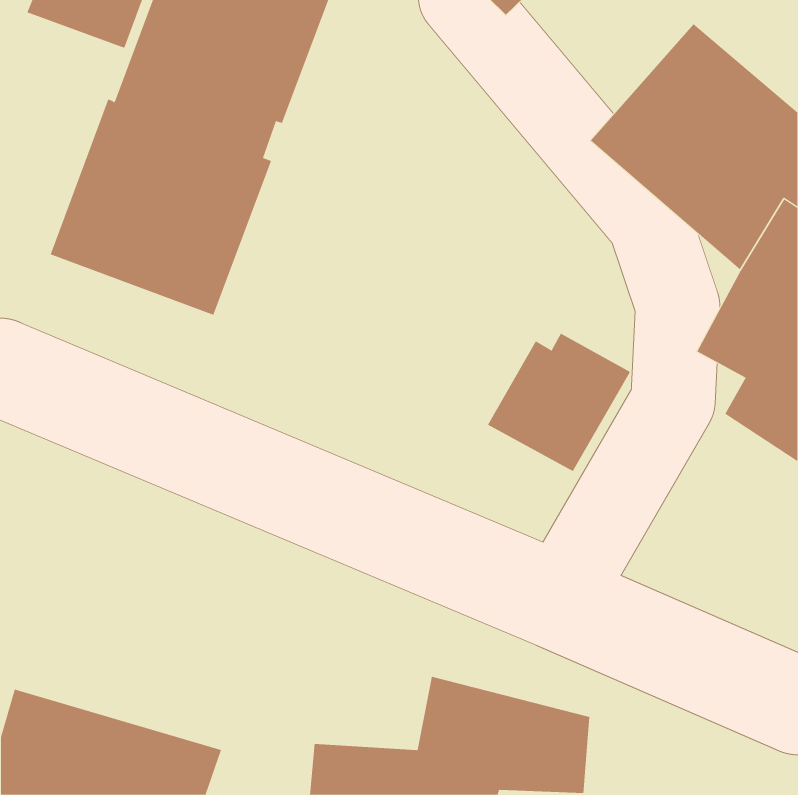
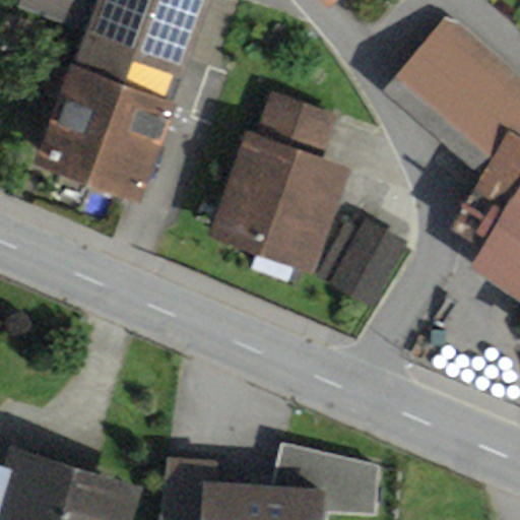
building: none -> [207,92,349,274]

